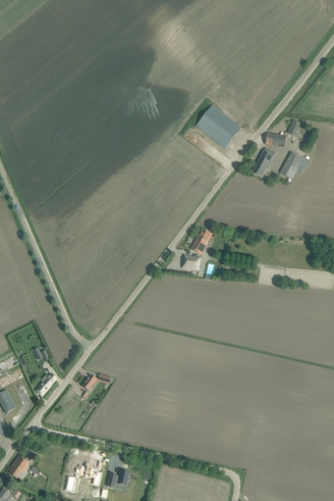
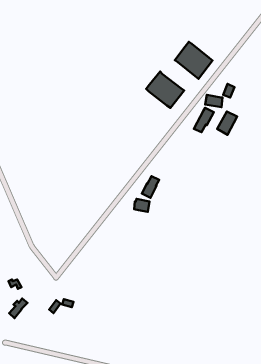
building: none -> [175,42,213,79]

